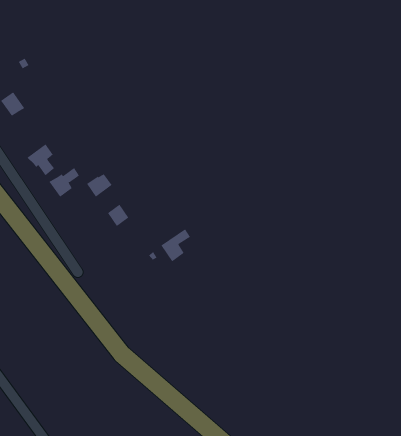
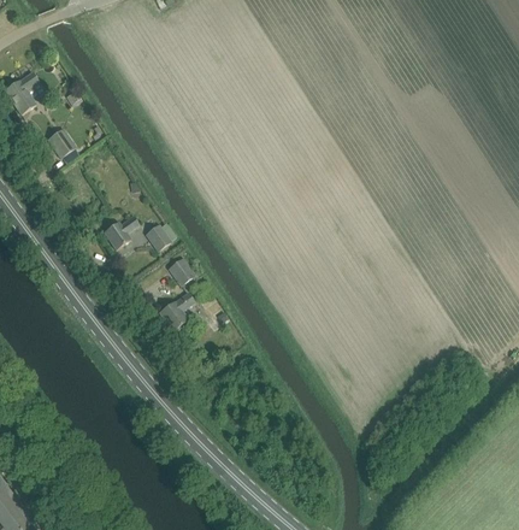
building: [26,144,55,176] -> none
building: [160,229,191,262] -> [159,293,194,331]

